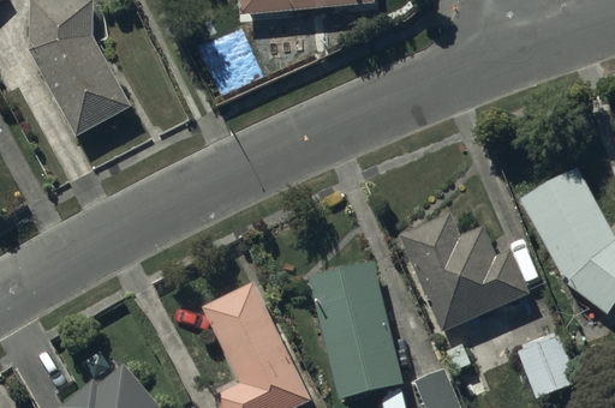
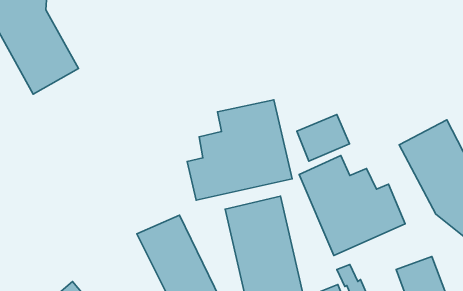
building: none -> [187,100,292,200]
building: none -> [297,115,349,161]

